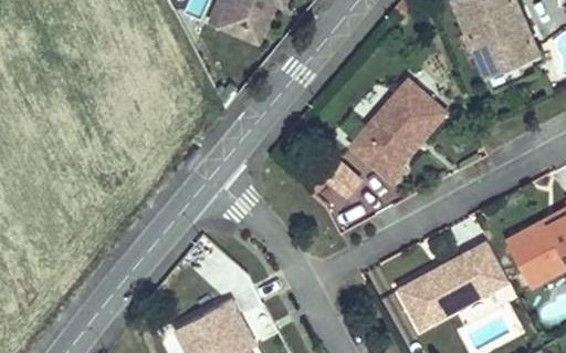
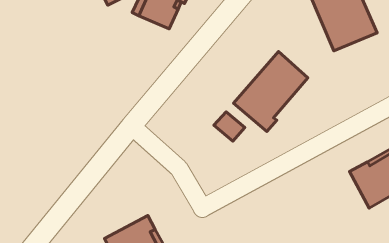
building: [395,240,507,331] -> none

